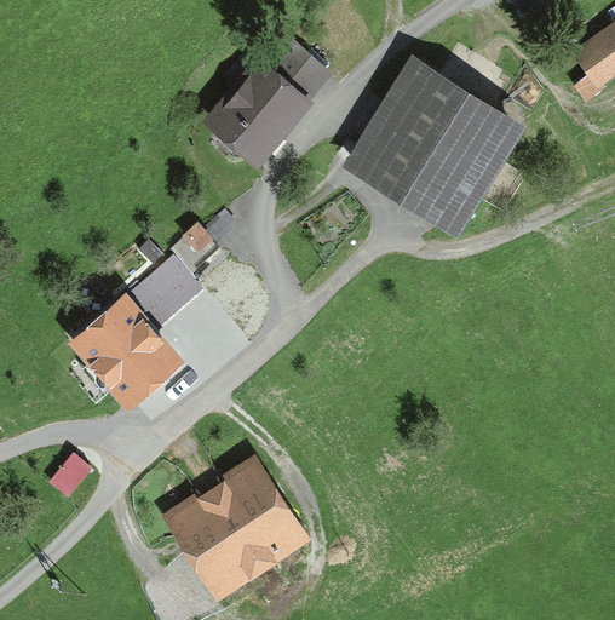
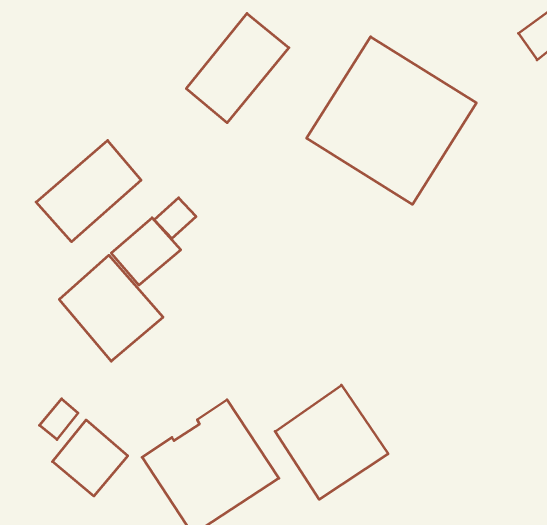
building: none -> [36,140,141,242]
building: none -> [275,385,388,499]
building: none -> [52,420,128,496]

